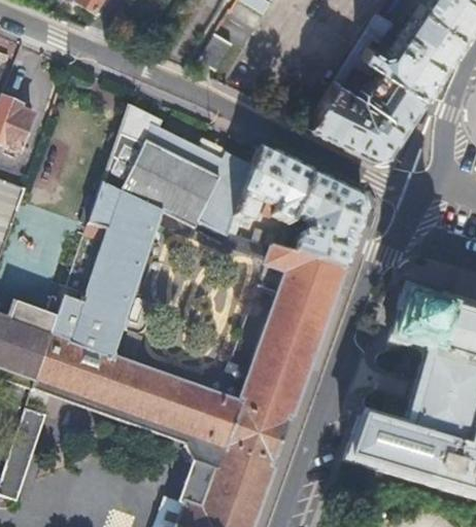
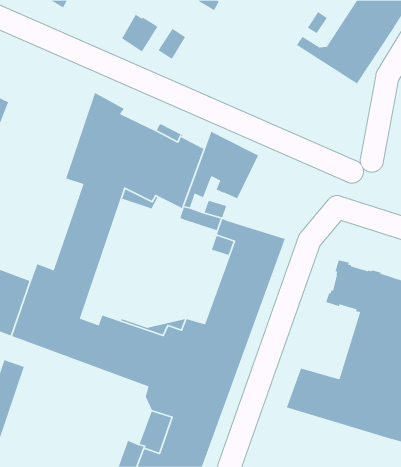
building: none -> [121,14,159,52]
building: [307,51,424,157] -> none
building: [291,175,366,269] -> none

